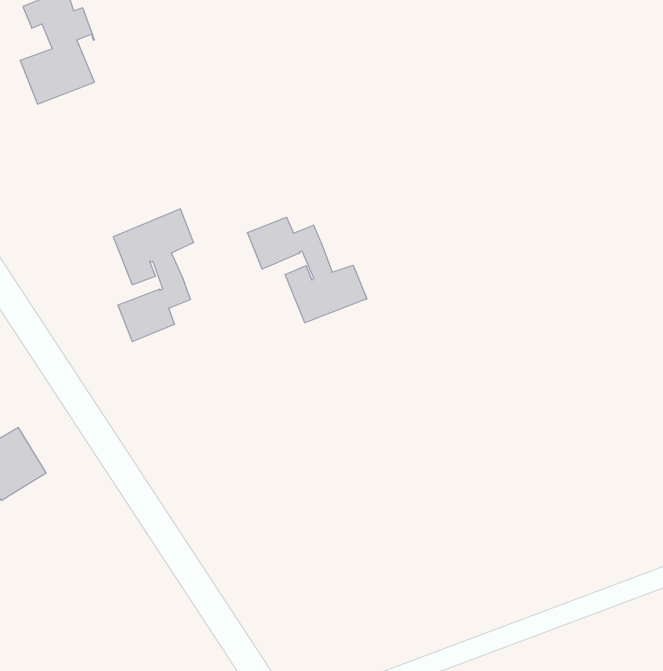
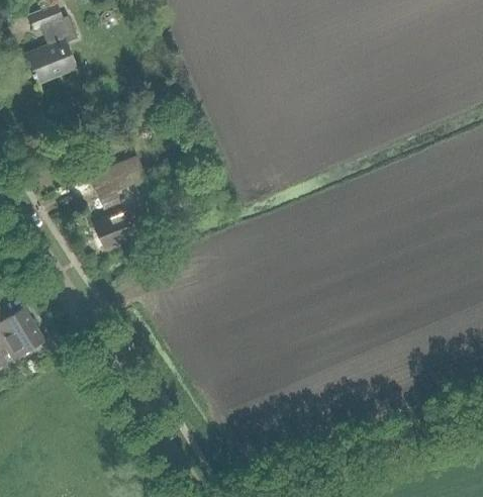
building: [247,217,367,323] -> none

